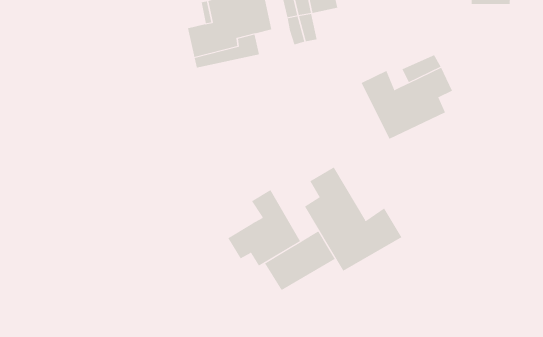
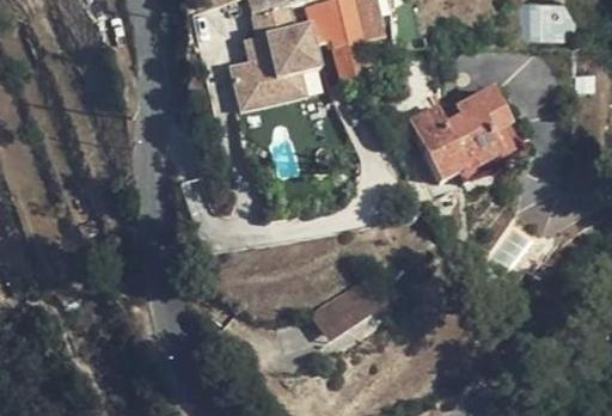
building: [304,166,402,272] -> none
building: [228,189,301,267] -> none

